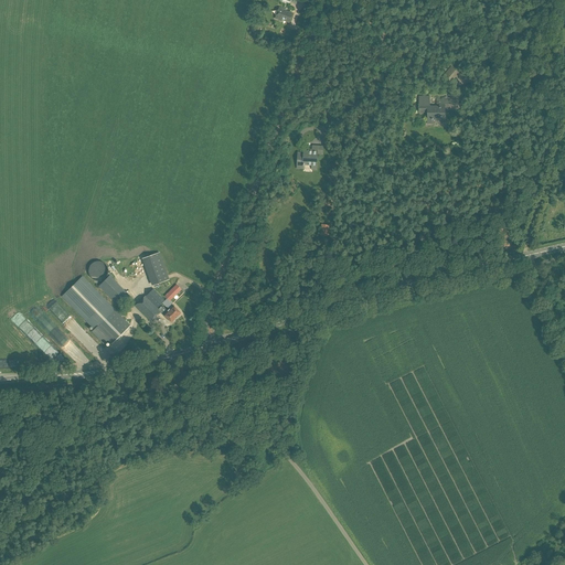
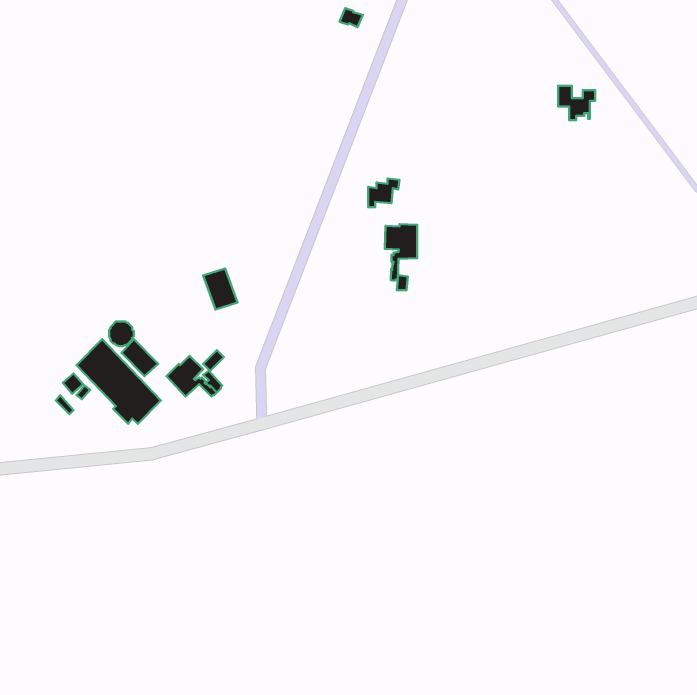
building: [419,95,449,122] -> [558,86,595,120]
building: none -> [385,224,417,280]
building: [141,252,169,285] -> [203,269,237,309]

